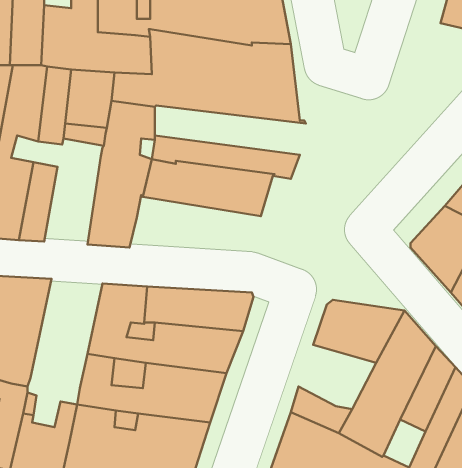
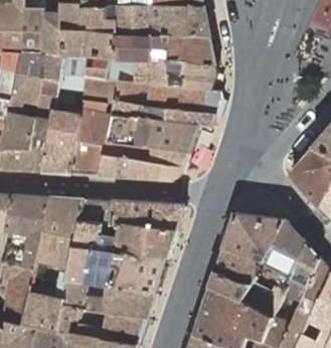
building: none -> [118,80,221,114]
building: none -> [43,110,81,174]
building: none -> [101,141,189,181]
building: none -> [34,197,82,271]
building: none -> [214,241,267,285]

